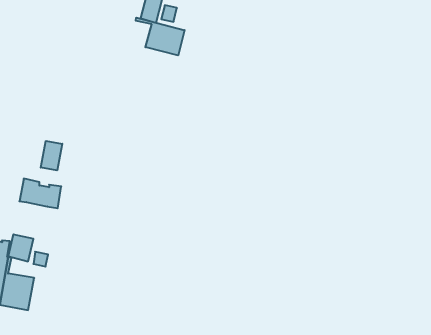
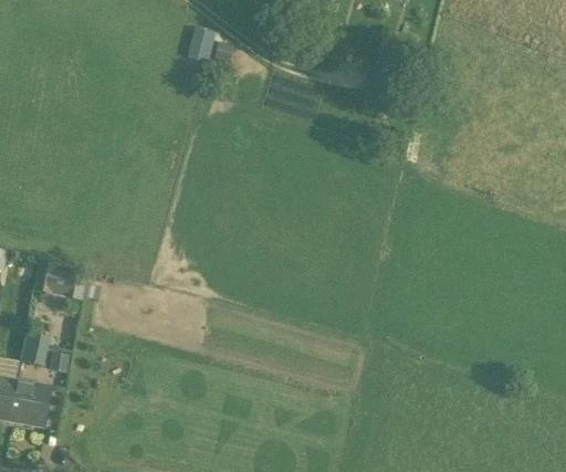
building: [136,18,185,55] -> none
building: [41,141,62,170] -> none

